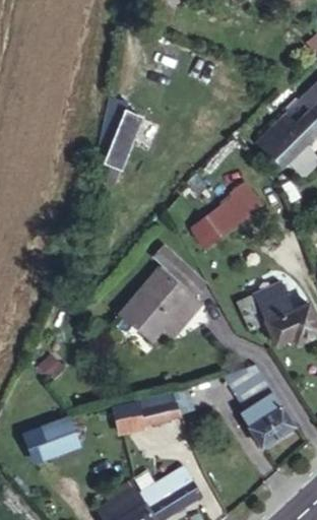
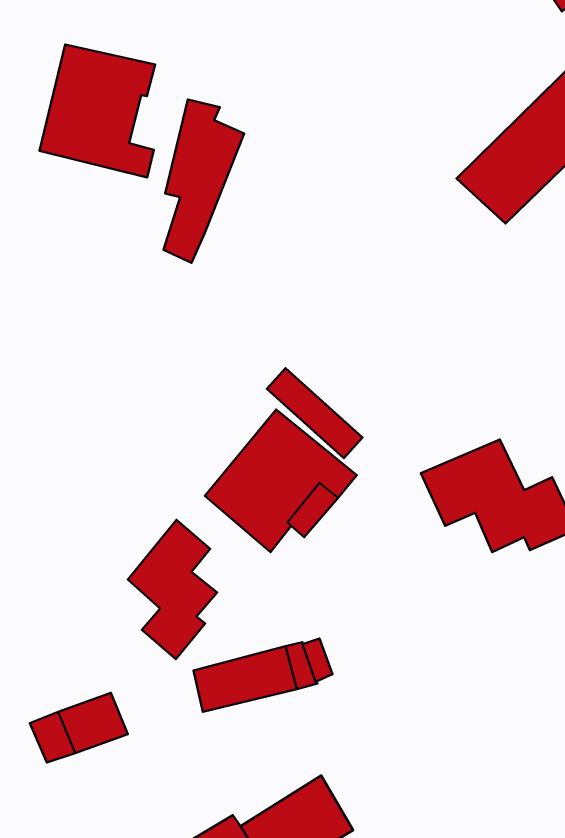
building: none -> [39,44,155,178]
building: [191,168,282,248] -> none
building: none -> [128,520,217,659]
building: [224,365,295,447] -> none

